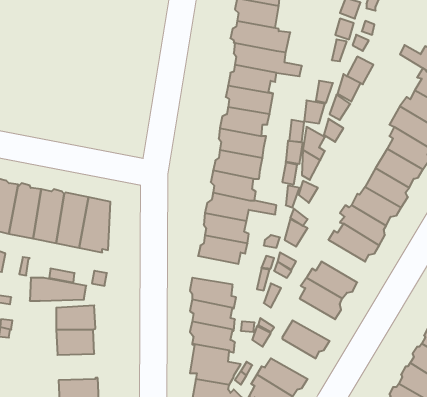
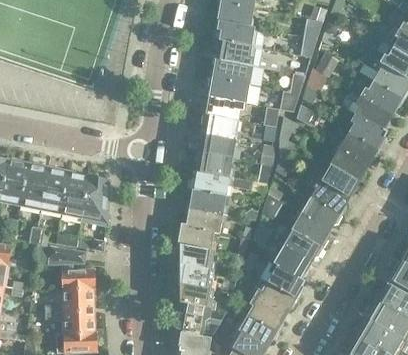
building: none -> [291,212,329,249]
building: none -> [177,225,219,253]
building: none -> [259,262,304,300]
building: none -> [244,296,286,333]
building: none -> [28,311,95,334]

